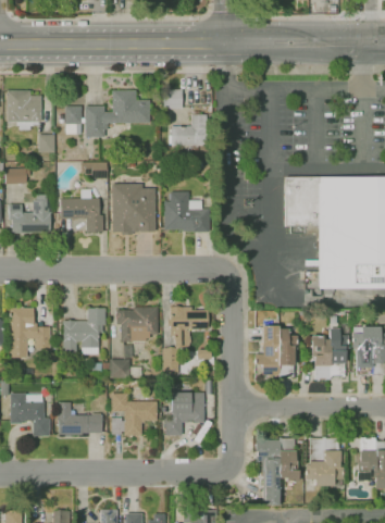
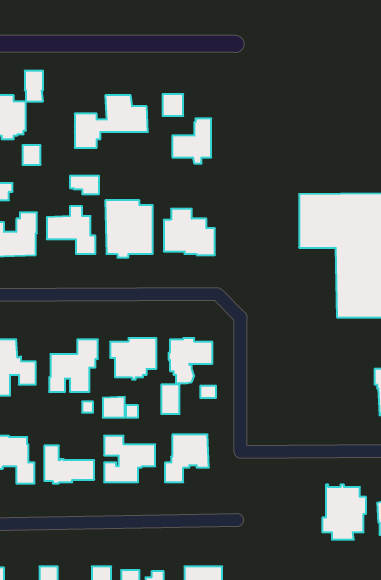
building: [65,107,82,134] -> [25,71,43,101]
building: [310,324,348,379] -> none
building: [254,325,297,375] -> none
building: [256,428,298,505] -> none

